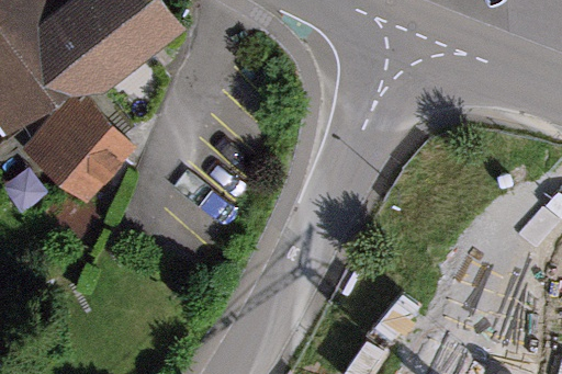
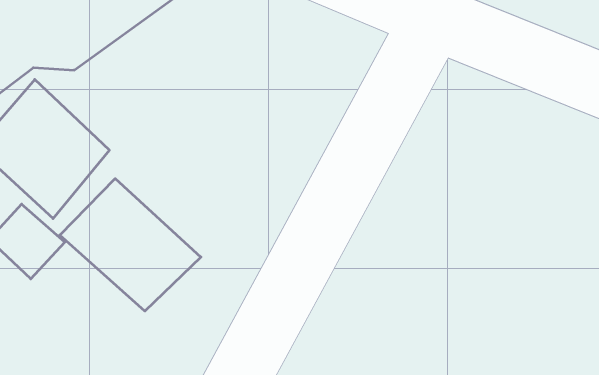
building: none -> [60,179,201,311]

